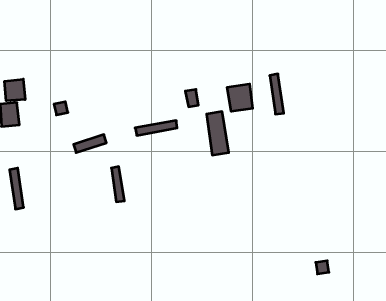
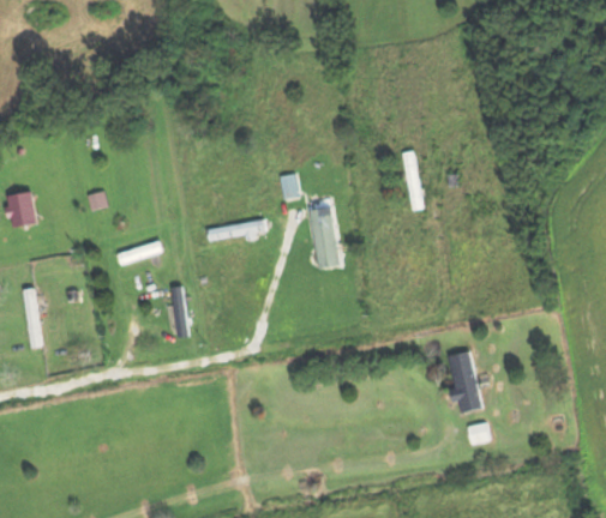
building: [5,79,25,101] -> none
building: [227,84,253,111] -> none
building: none -> [448,351,481,414]

